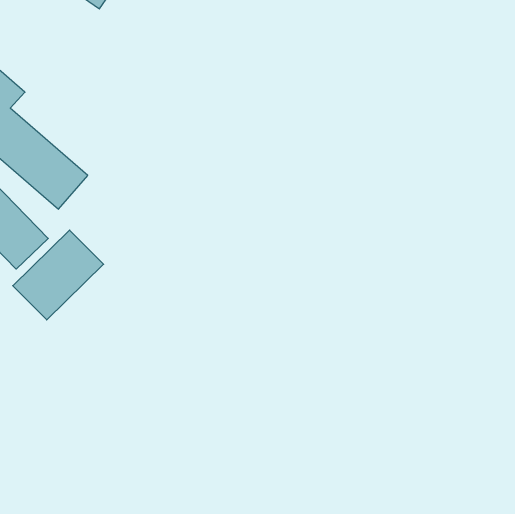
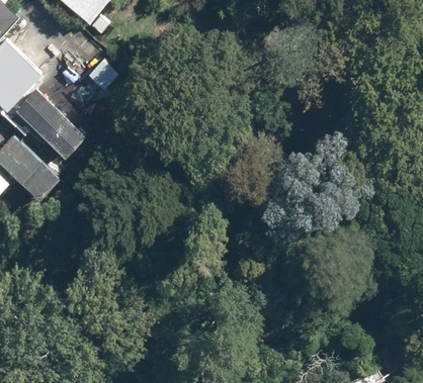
building: [13,230,104,320] -> none

